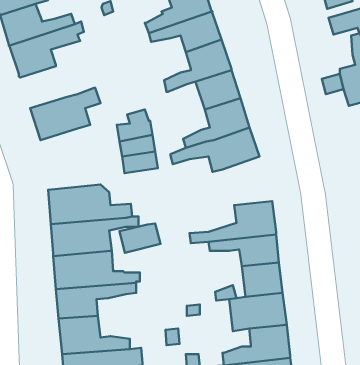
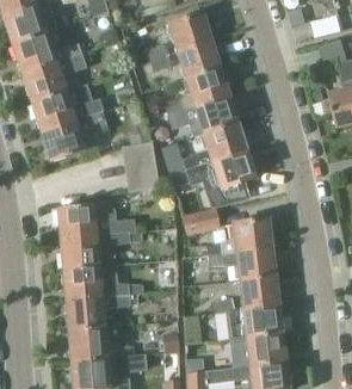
building: none -> [32,84,105,130]
building: [120,223,160,253] -> [184,208,222,235]

